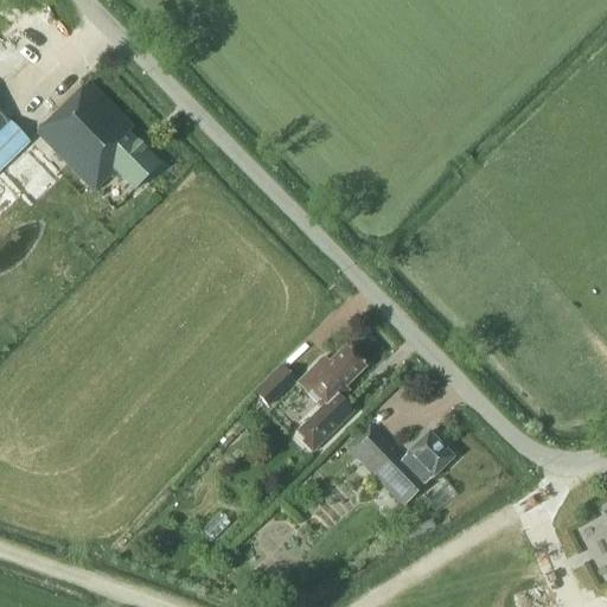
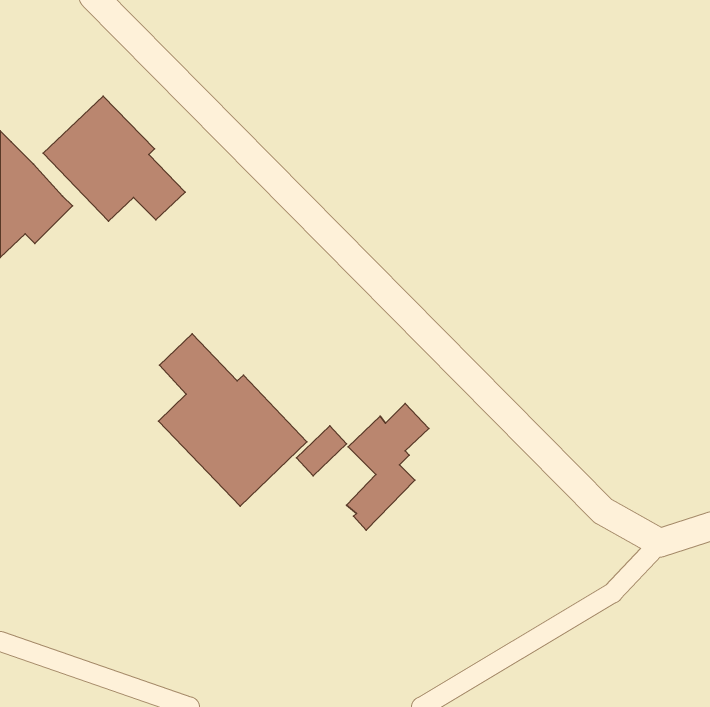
building: none -> [159,334,307,506]
building: [345,423,454,504] -> none

